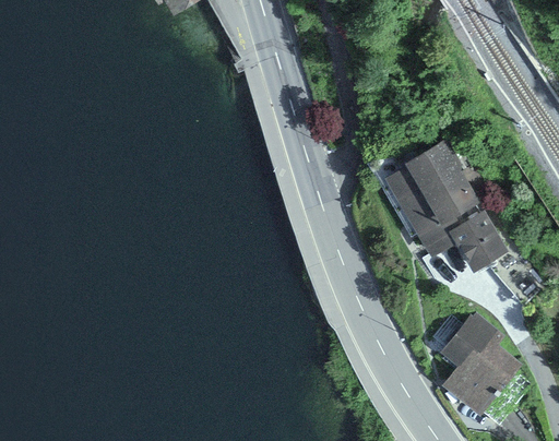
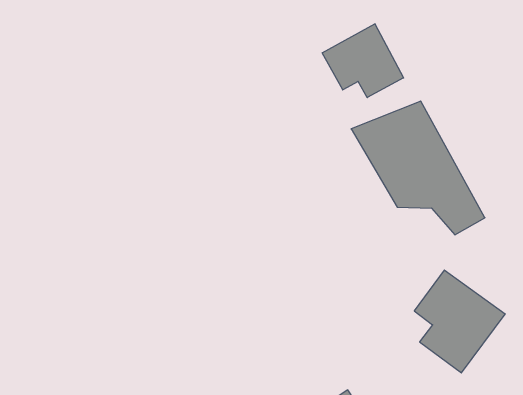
building: none -> [322,24,404,98]

